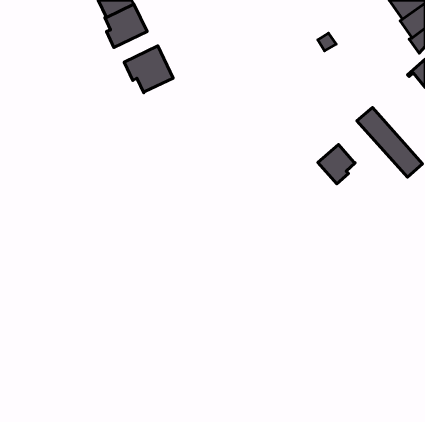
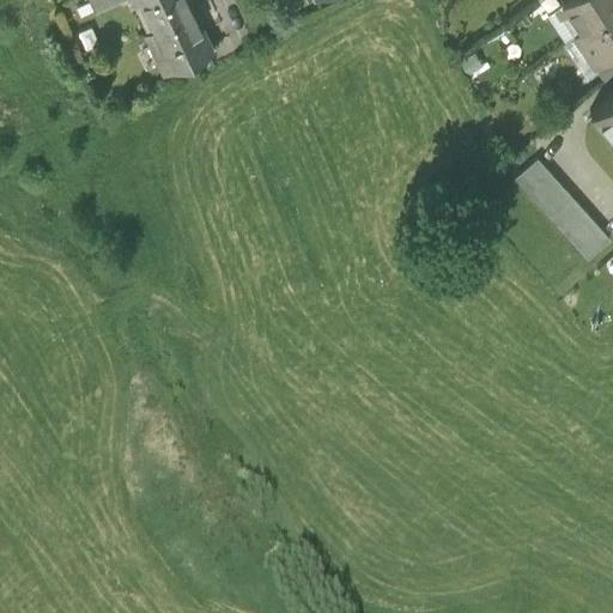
building: [124,46,173,93] -> none
building: [318,144,355,184] -> none

